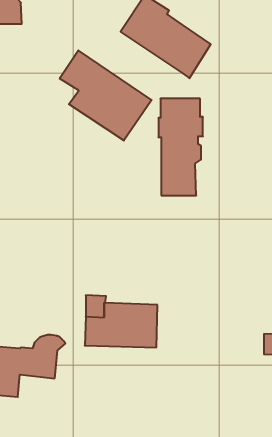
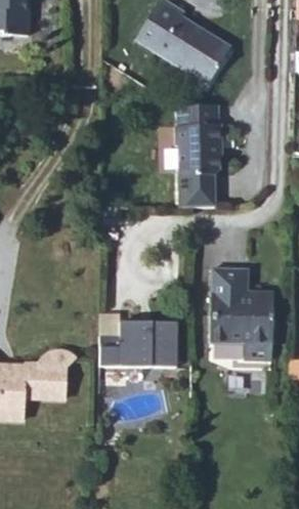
building: [60,50,152,141] -> none
building: none -> [208,270,271,363]

